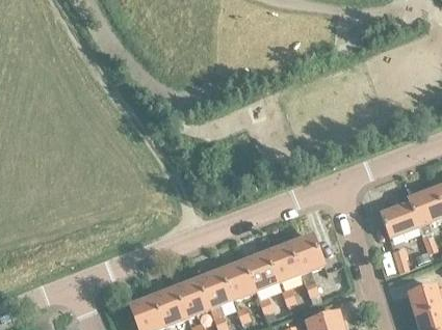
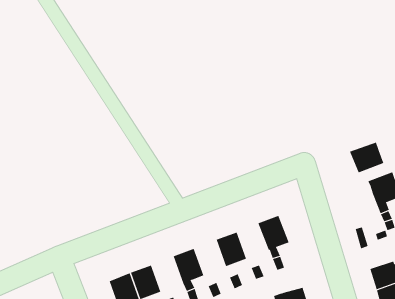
building: [380,202,417,236] -> [349,142,384,173]
building: [267,243,301,281] -> none
building: [222,260,255,299] -> none
building: [176,278,209,317] -> none

